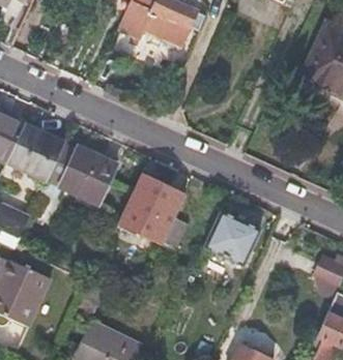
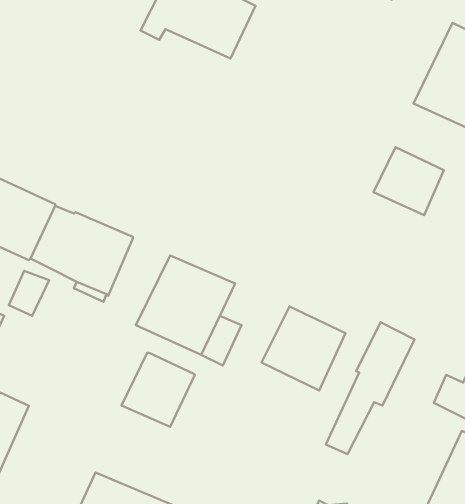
building: none -> [374,147,444,215]
building: none -> [326,322,414,454]
building: none -> [121,353,195,427]

